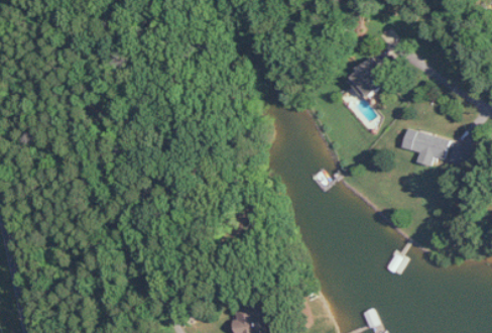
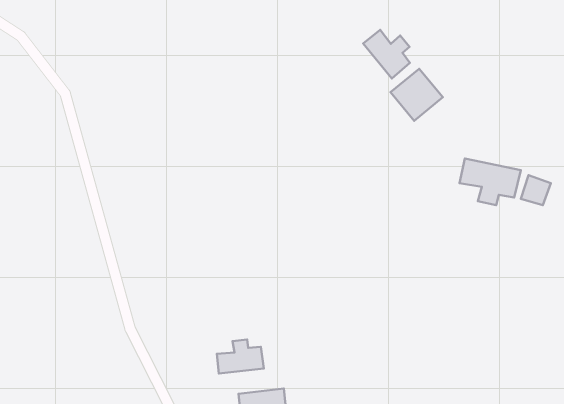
building: none -> [363,30,410,78]
building: none -> [217,339,264,373]

